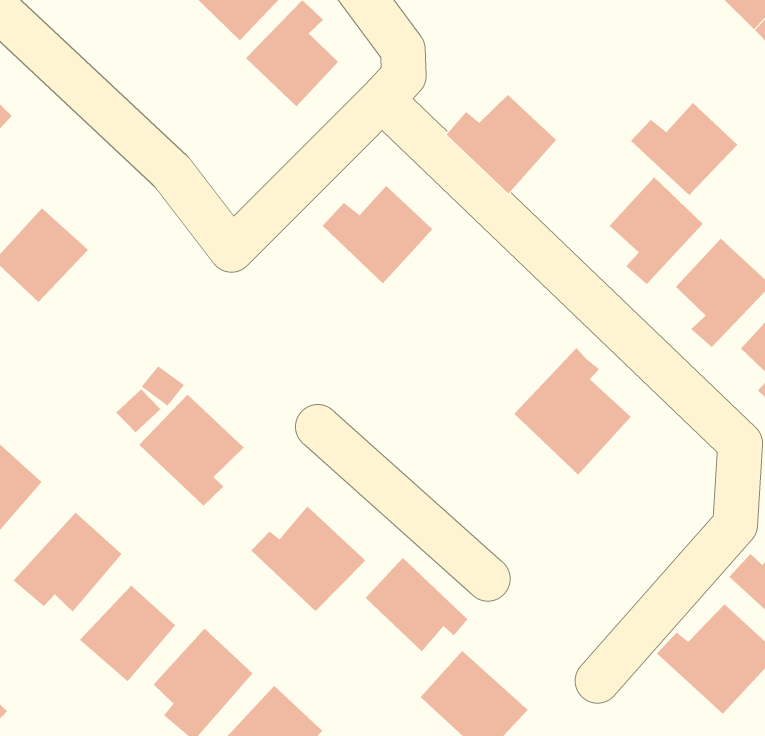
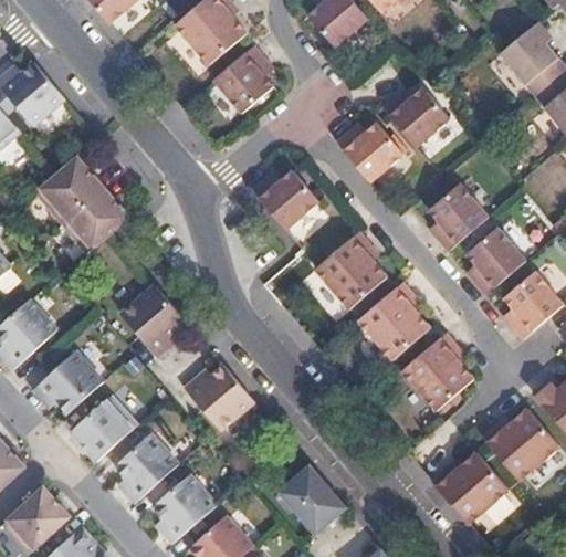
building: [630,102,738,196] -> [381,87,449,146]
building: none -> [66,188,128,248]
building: none -> [313,232,387,312]
building: none -> [400,334,472,412]
building: [365,557,468,652] -> none

